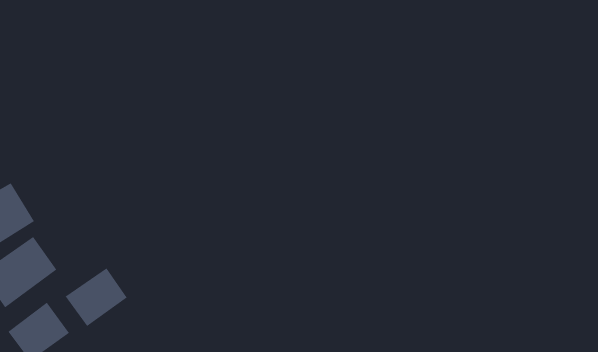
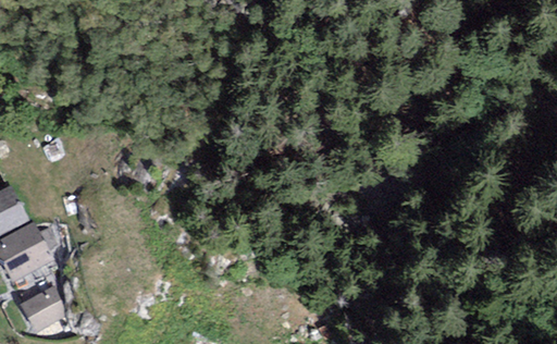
building: [65,267,128,327] -> none

